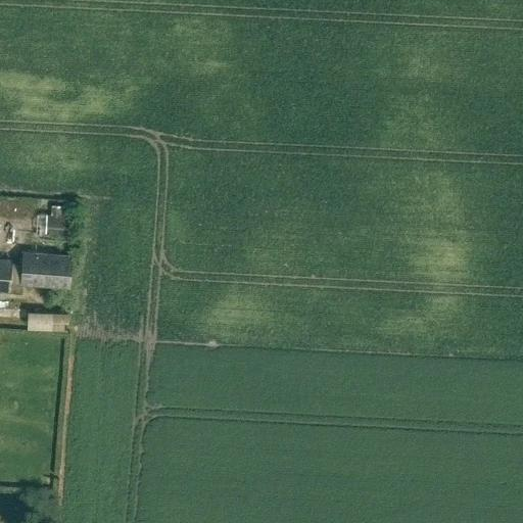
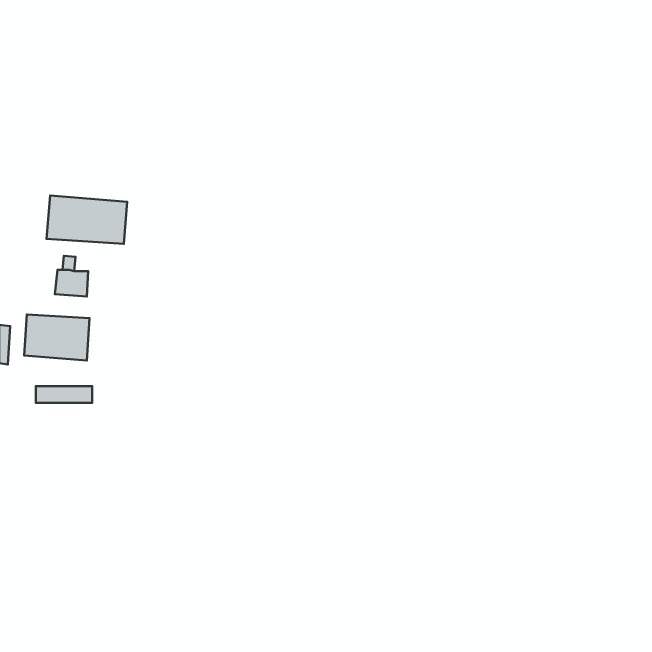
building: none -> [47,196,127,244]

